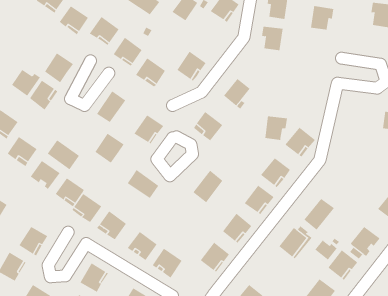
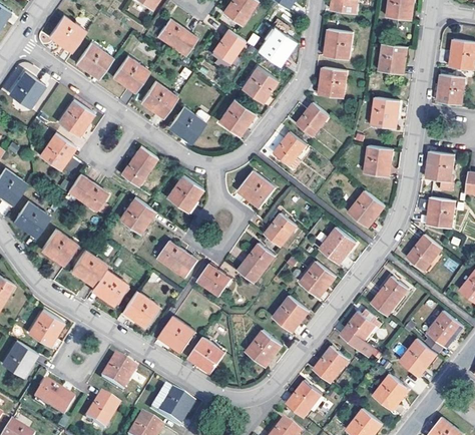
building: none -> [241,65,277,102]
building: none -> [438,72,465,103]
building: none -> [371,96,400,127]
building: none -> [297,102,329,136]
building: [11,69,41,96] -> [8,75,44,108]
building: none -> [426,149,454,180]
building: [265,116,288,141] -> [365,145,393,175]
building: none -> [429,196,456,227]
building: [47,139,80,170] -> [67,173,107,210]
building: none -> [264,211,296,246]
building: none -> [407,234,442,271]
building: none -> [196,264,230,296]
building: [314,240,338,261] -> none
building: none -> [314,345,350,383]

